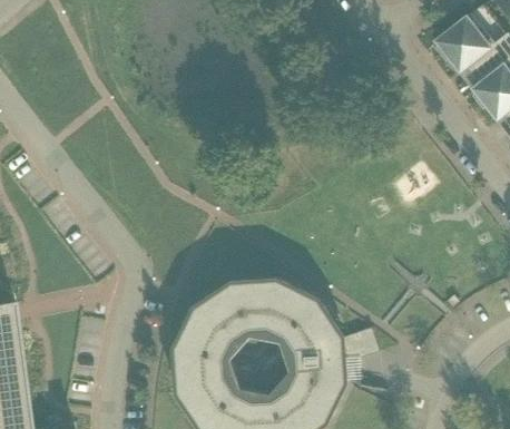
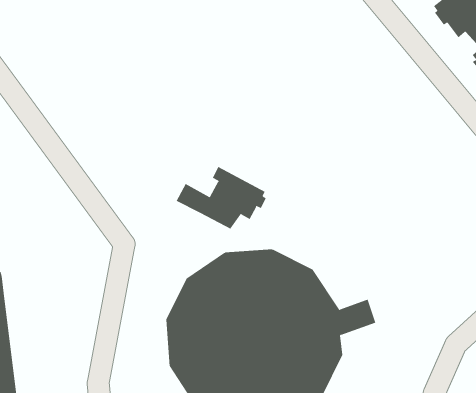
building: none -> [176,166,266,230]

